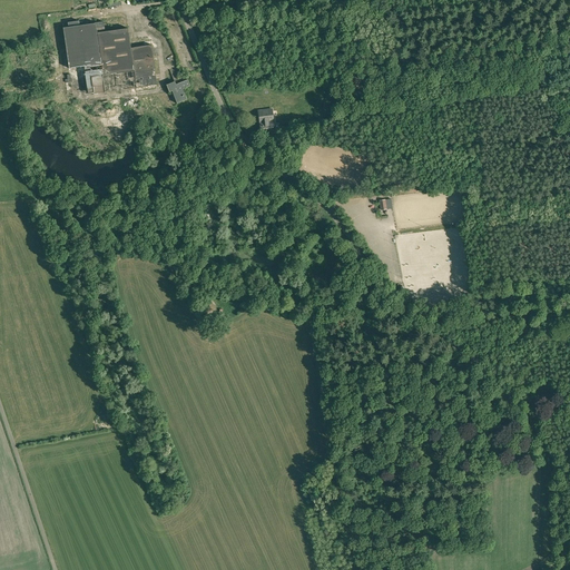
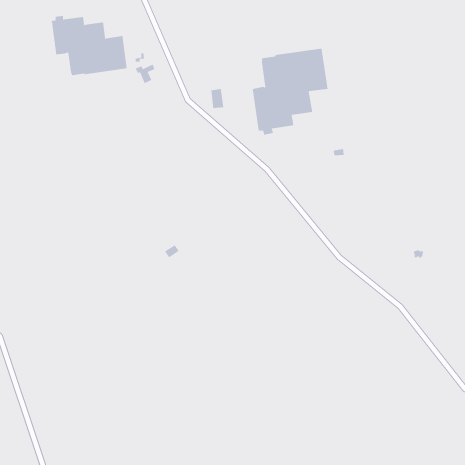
building: none -> [252,48,328,136]

